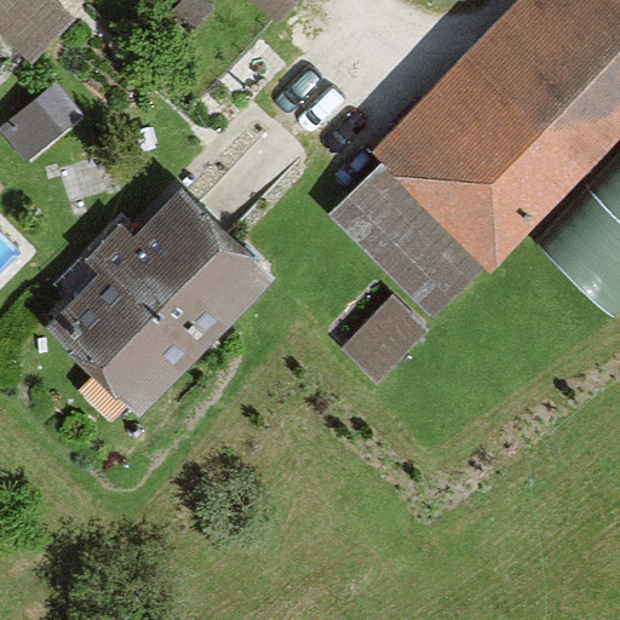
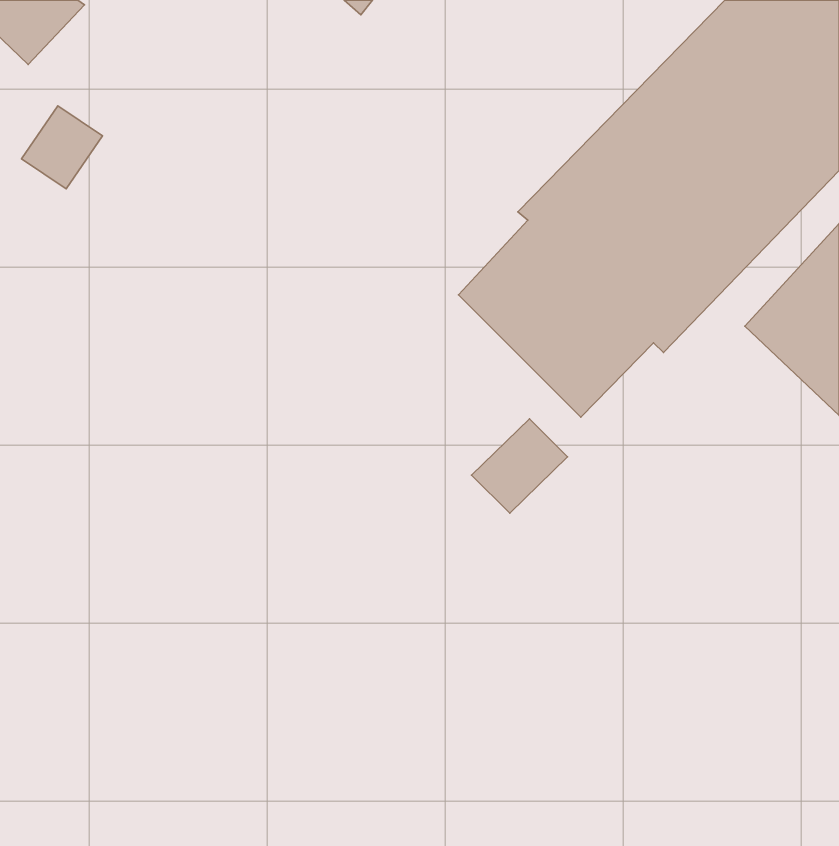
building: [56,200,262,407] -> none

